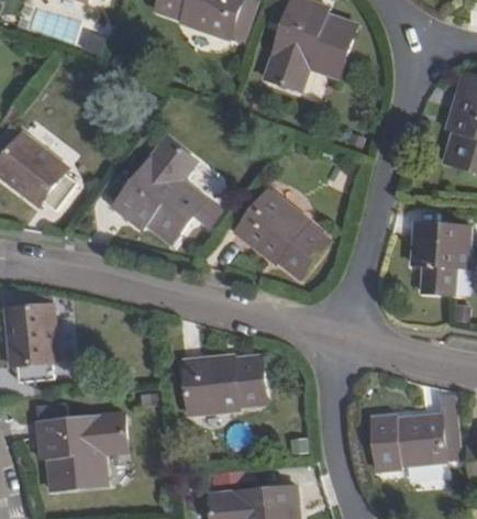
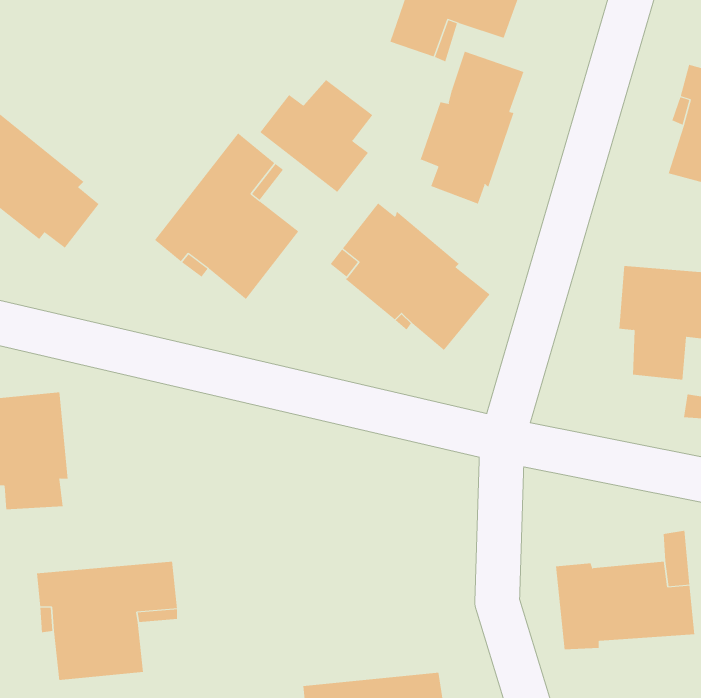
building: none -> [420,51,524,205]
building: none -> [260,79,373,193]
building: [182,356,268,415] -> none

